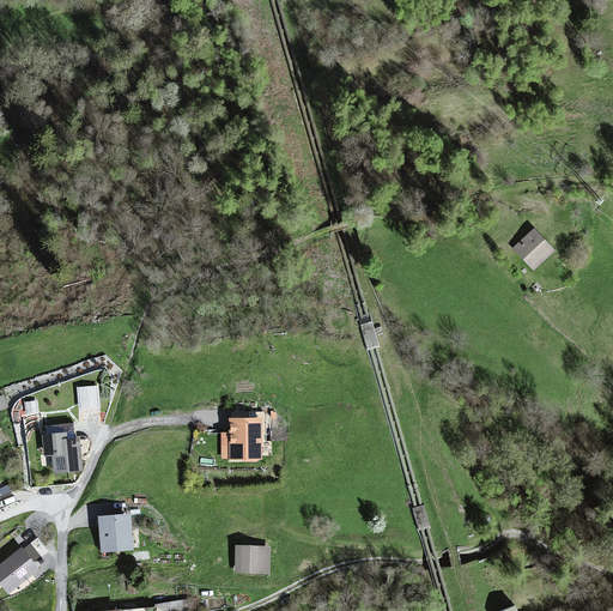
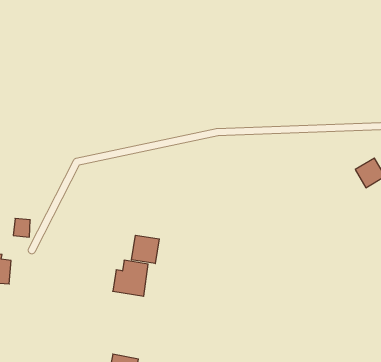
building: none -> [132,235,159,264]
building: [99,514,134,552] -> none

